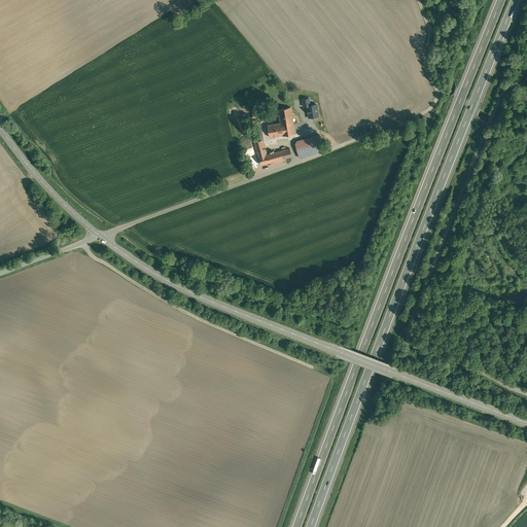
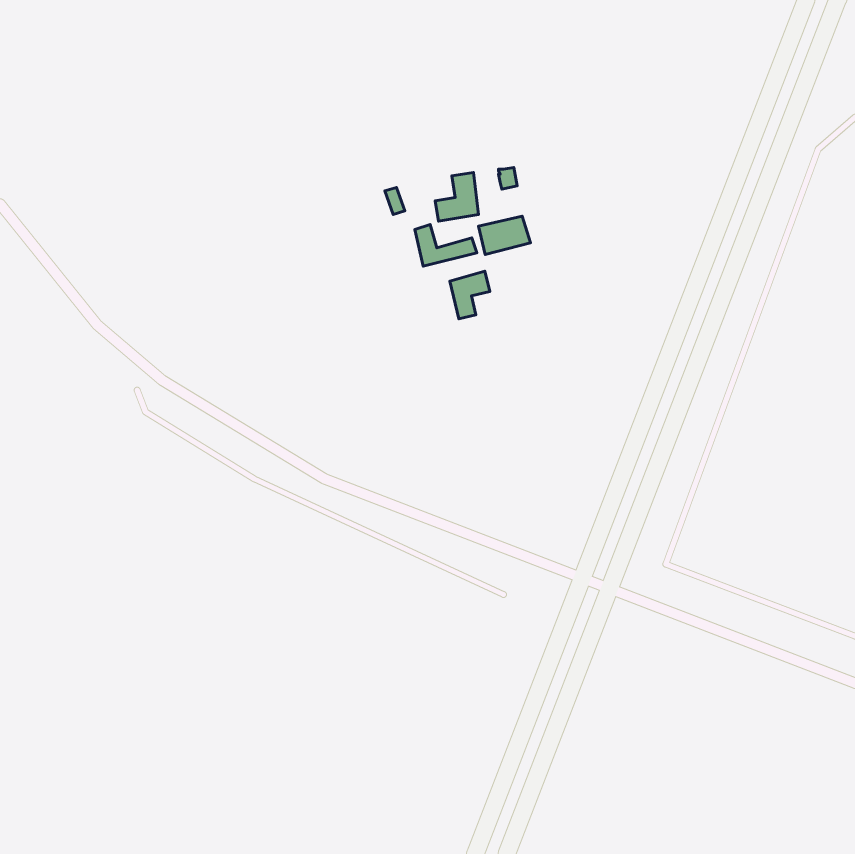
building: none -> [450,271,490,319]

